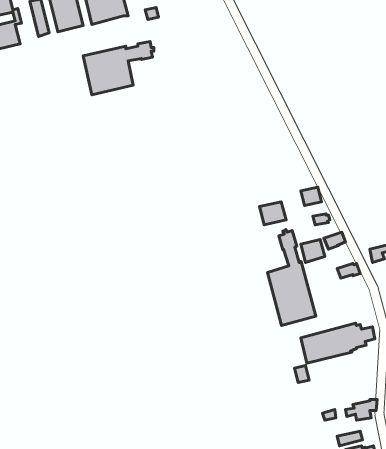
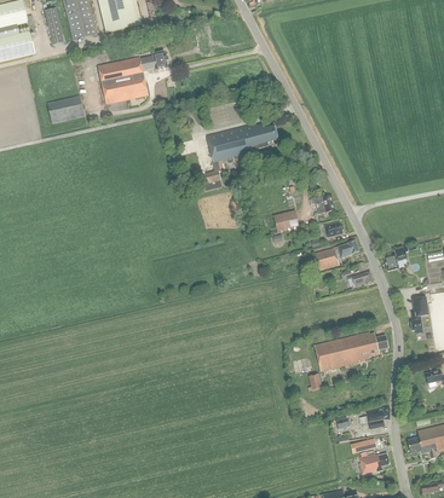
building: none -> [47,95,85,123]
building: none -> [202,122,278,191]
building: [268,229,316,326] -> none

